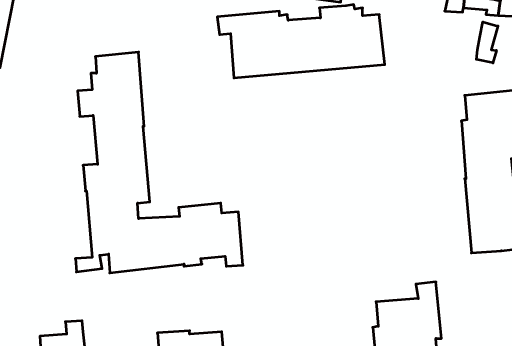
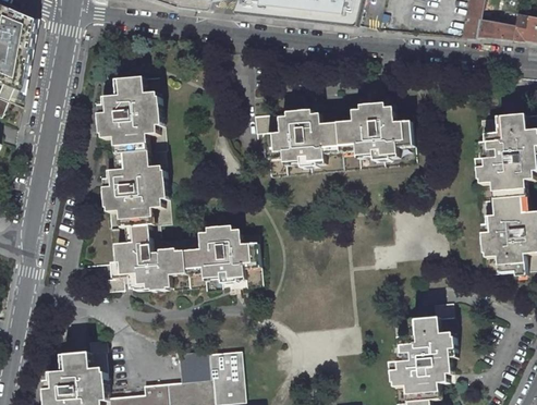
building: [217,5,385,78] -> [252,105,416,176]
building: [476,22,498,63] -> none

